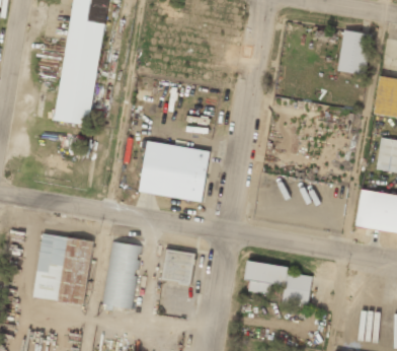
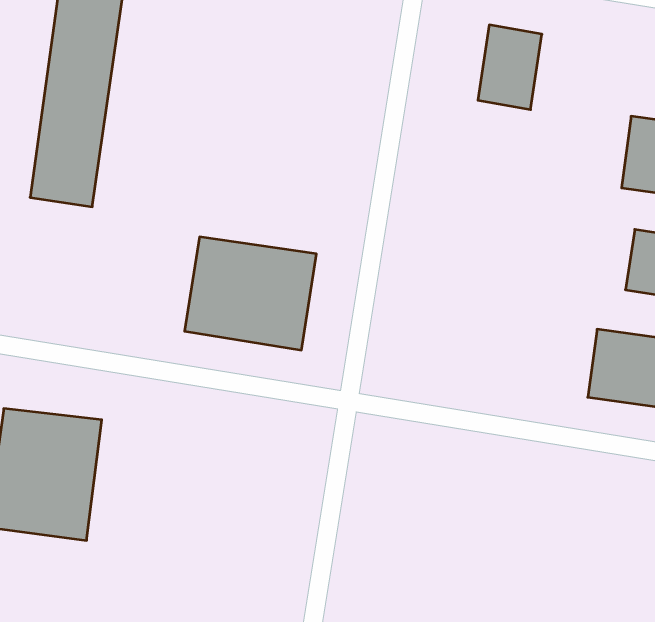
building: [337,28,372,74] -> [478,25,542,110]
building: [101,241,141,309] -> none
building: [161,249,195,285] -> none
building: [245,262,312,308] -> none

